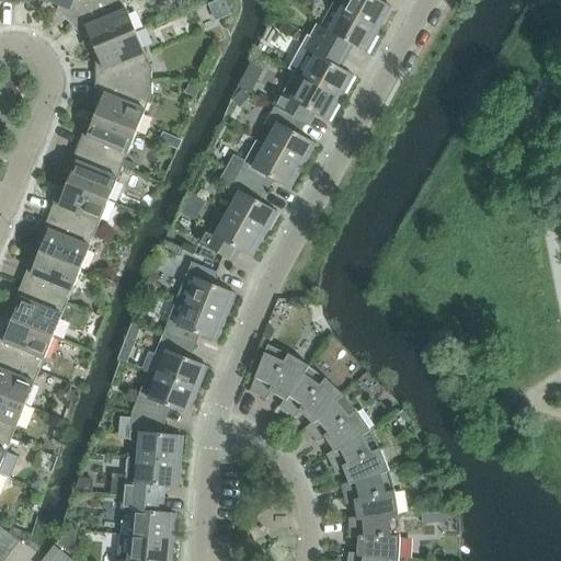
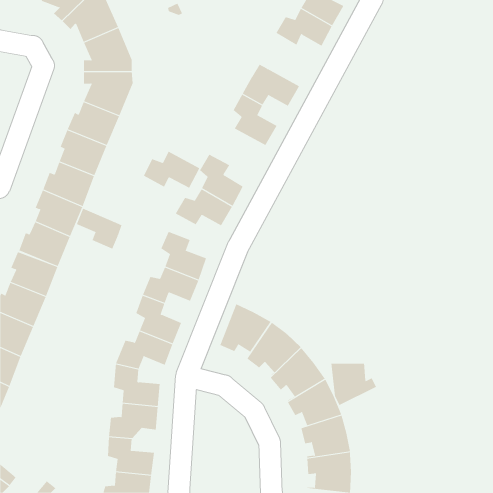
building: [301,37,353,98] -> none
building: [237,146,301,188] -> [143,151,200,188]
building: none -> [76,208,122,250]
building: none -> [331,363,377,406]

